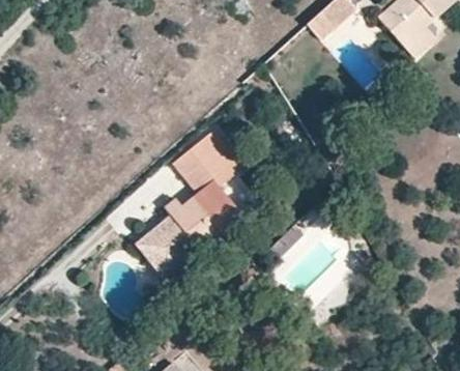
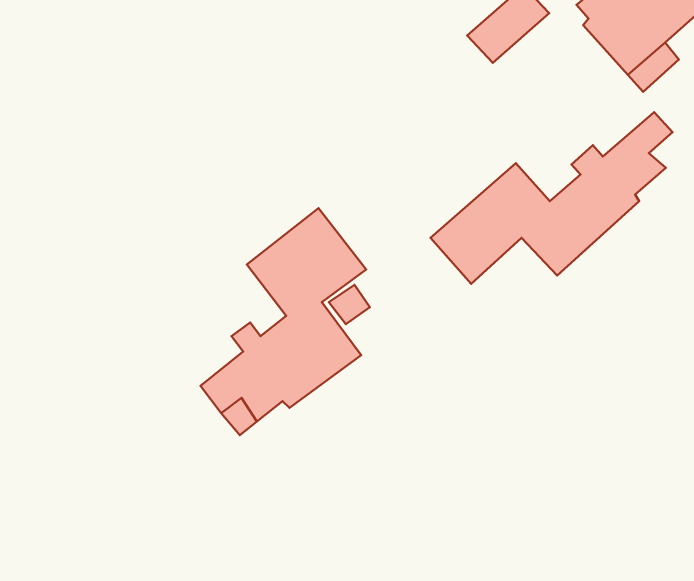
building: none -> [431,112,673,284]

